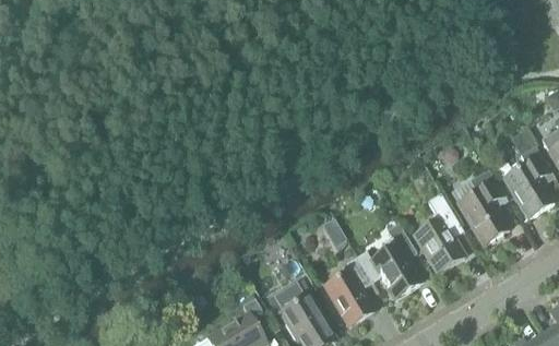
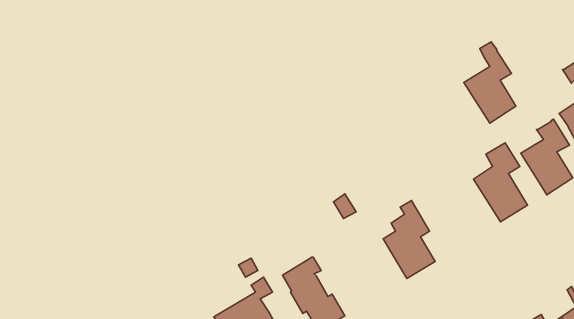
building: [415,192,465,271] -> [464,42,516,123]
building: [324,255,376,325] -> none

